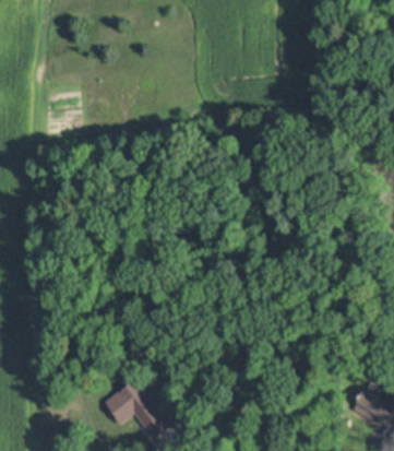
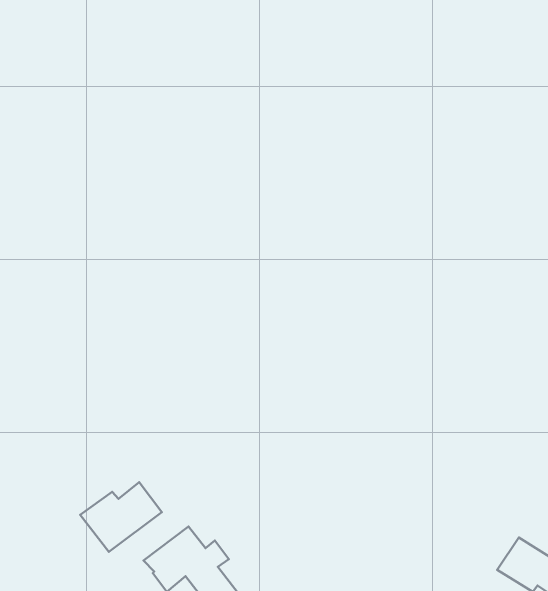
building: none -> [80,482,162,552]

